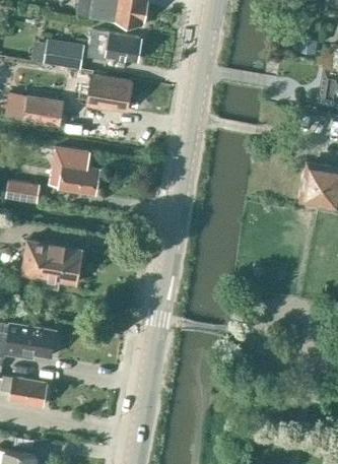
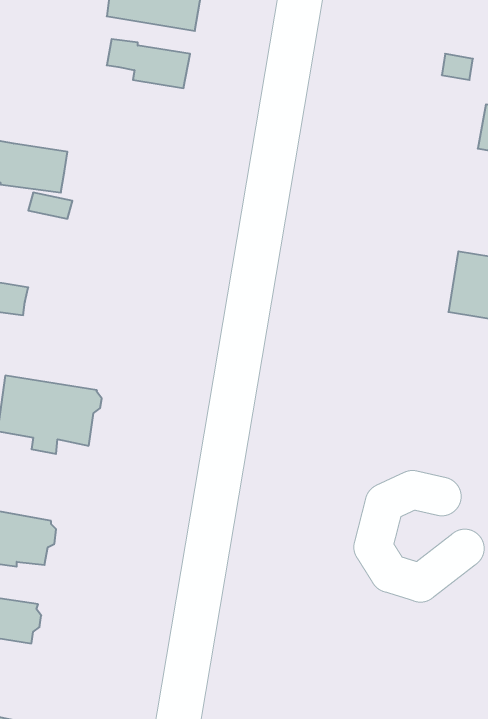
building: [30,40,83,69] -> none
building: [85,75,133,111] -> none
building: [50,145,98,194] -> none

